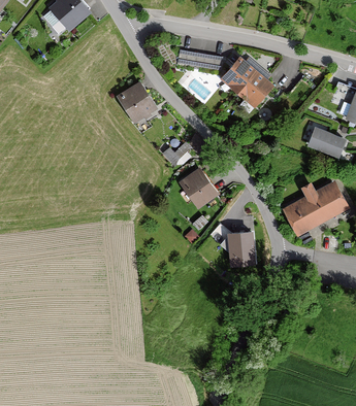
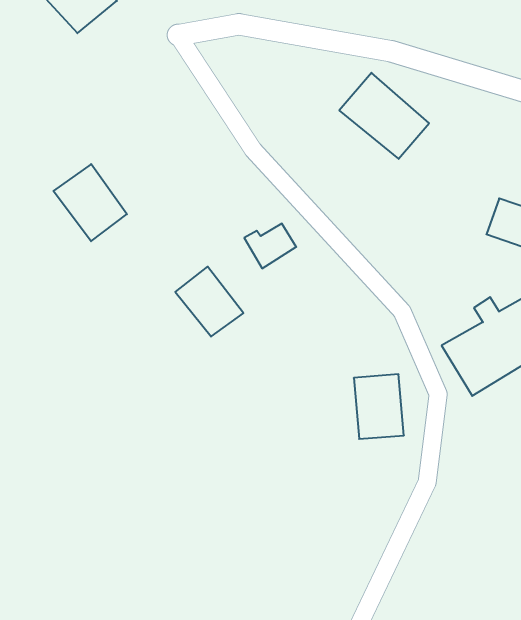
building: [176,48,222,69] -> none
building: [116,81,158,126] -> [53,164,127,241]
building: [180,168,219,208] -> [175,267,243,337]

